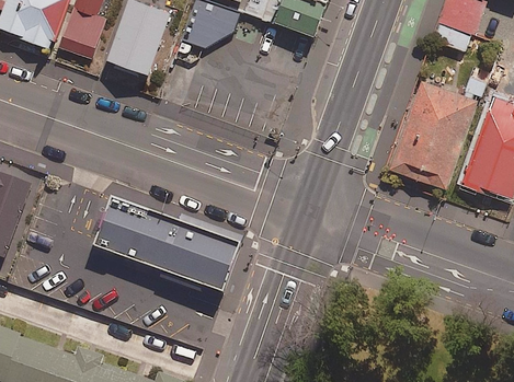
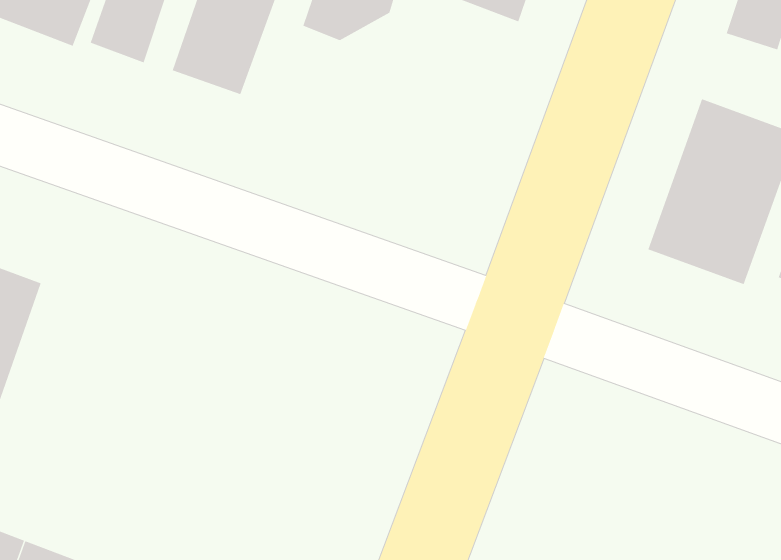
building: [90,195,242,294] -> none

